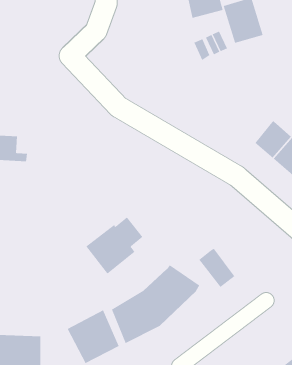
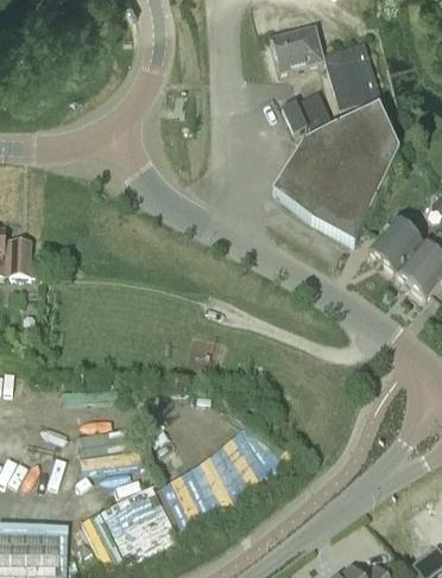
building: none -> [272,108,397,243]
building: [86,216,143,274] -> none
building: [199,248,235,288] -> none

